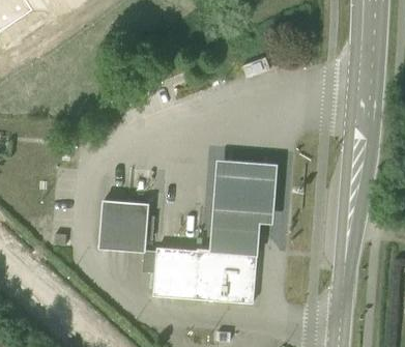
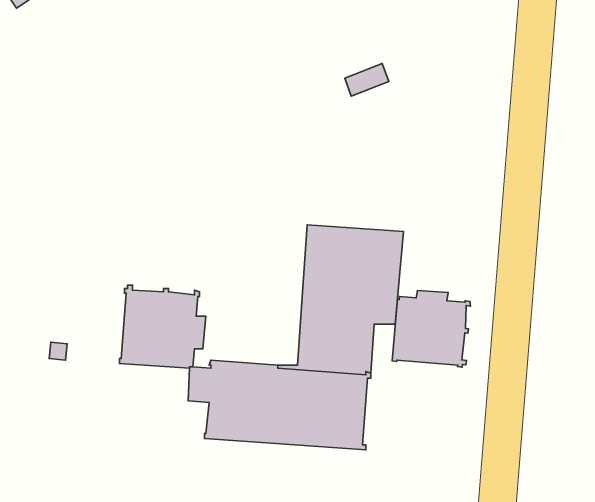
building: none -> [392,291,471,367]

